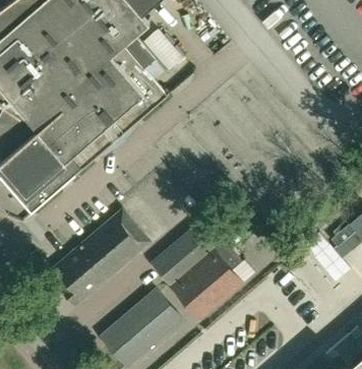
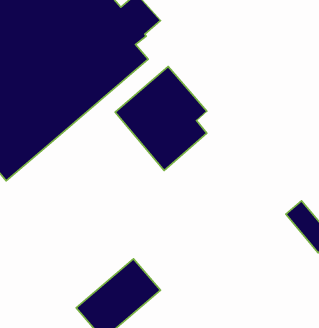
building: [48,211,148,306] -> none
building: [154,220,243,321] -> [115,66,207,171]

